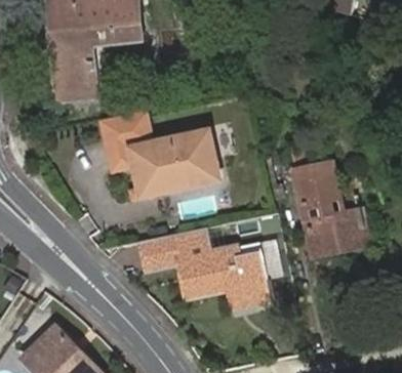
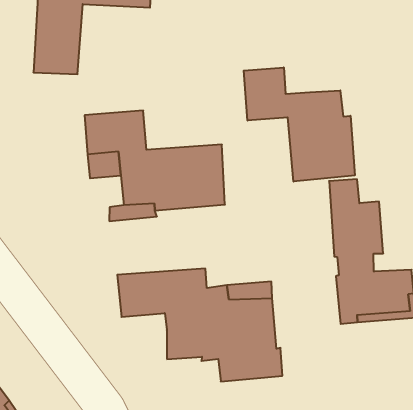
building: none -> [244,67,355,182]

